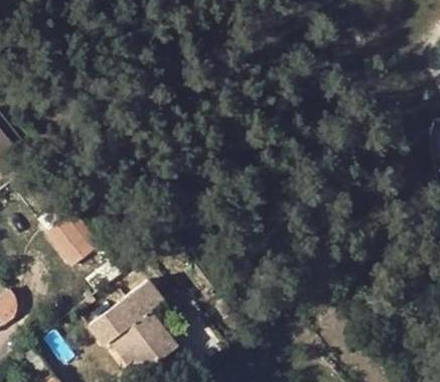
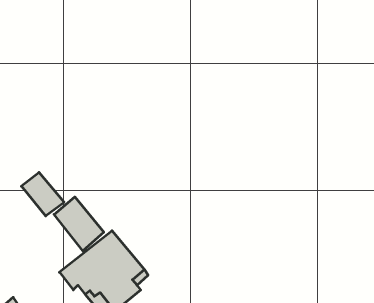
building: none -> [54,197,104,251]

